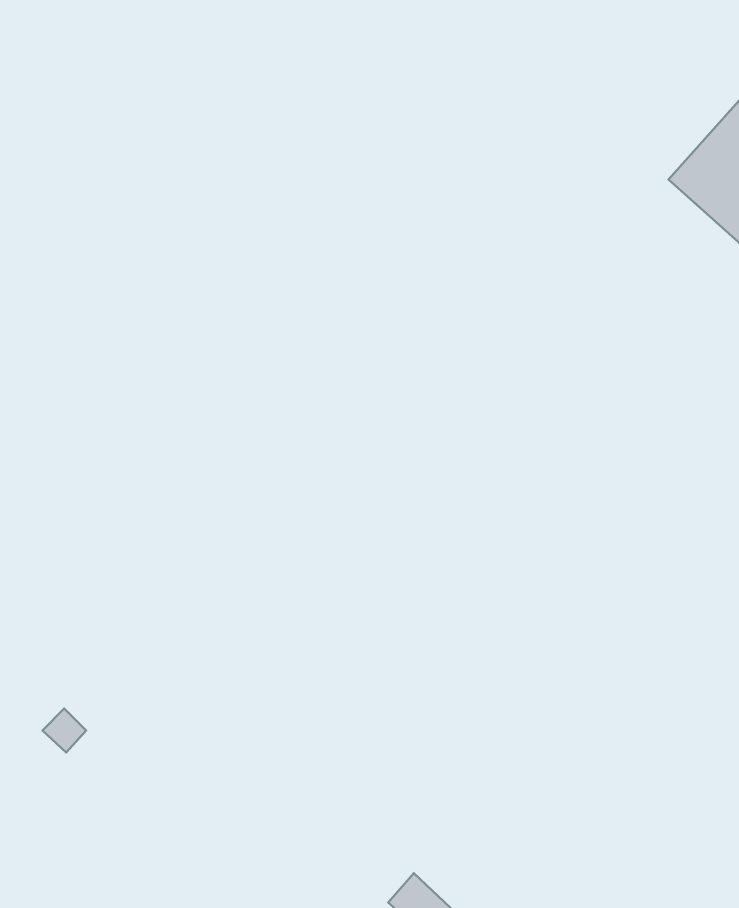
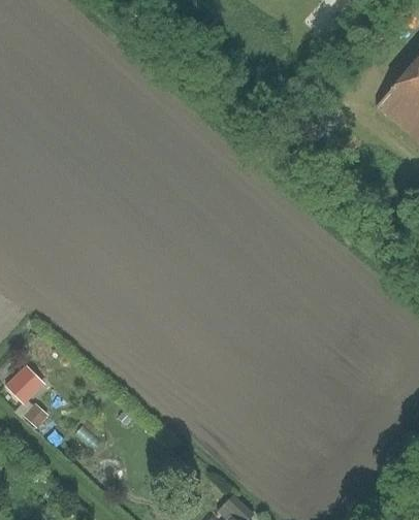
building: none -> [6,365,44,403]

